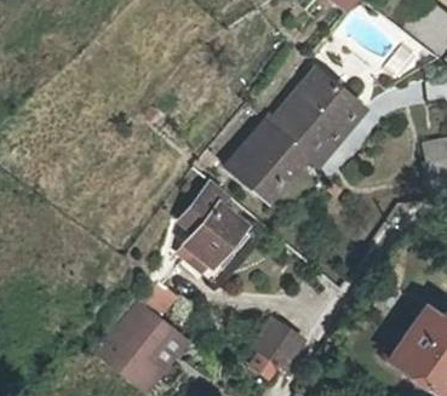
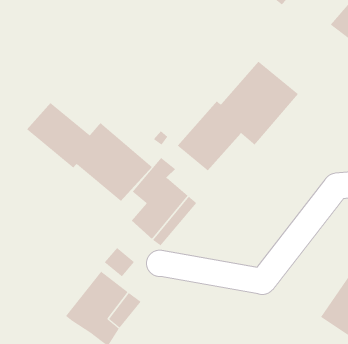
building: none -> [26,102,153,202]
building: [256,321,305,371] -> none

